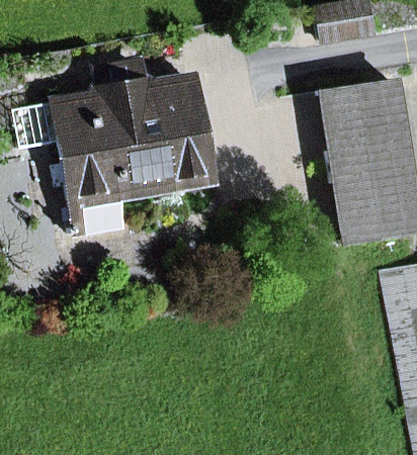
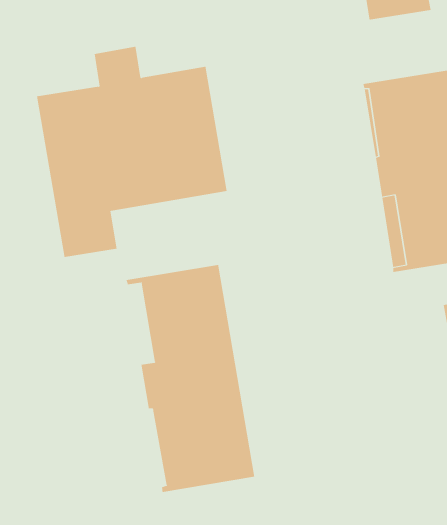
building: none -> [126,264,255,493]

